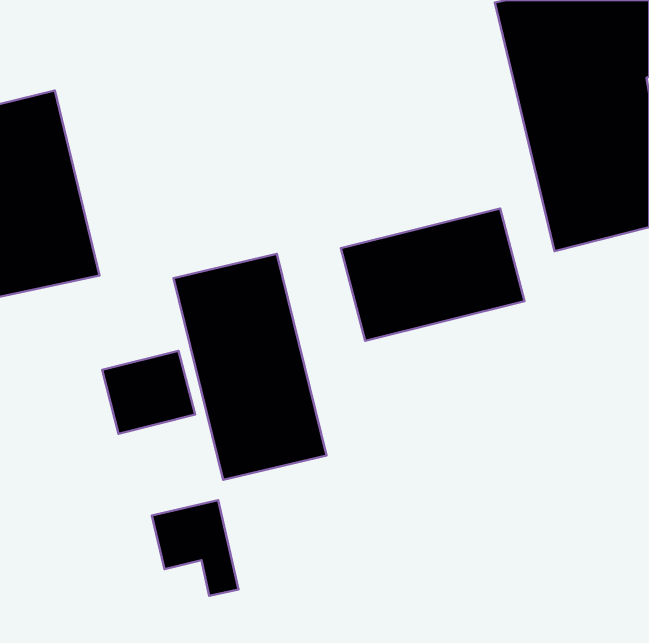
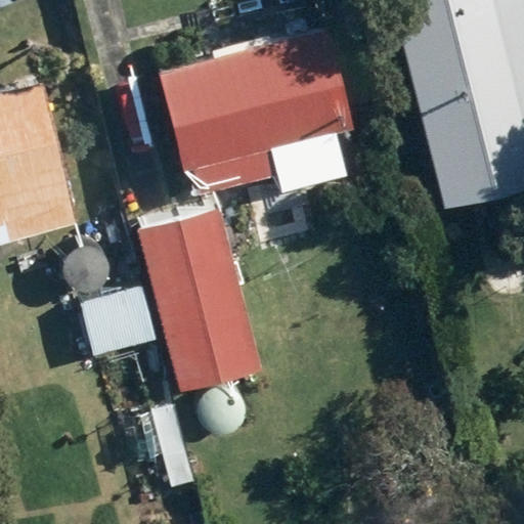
building: none -> [160,29,352,193]
building: [341,208,524,341] -> none

